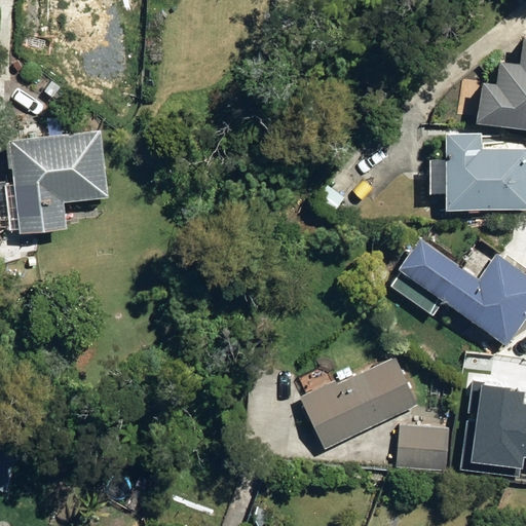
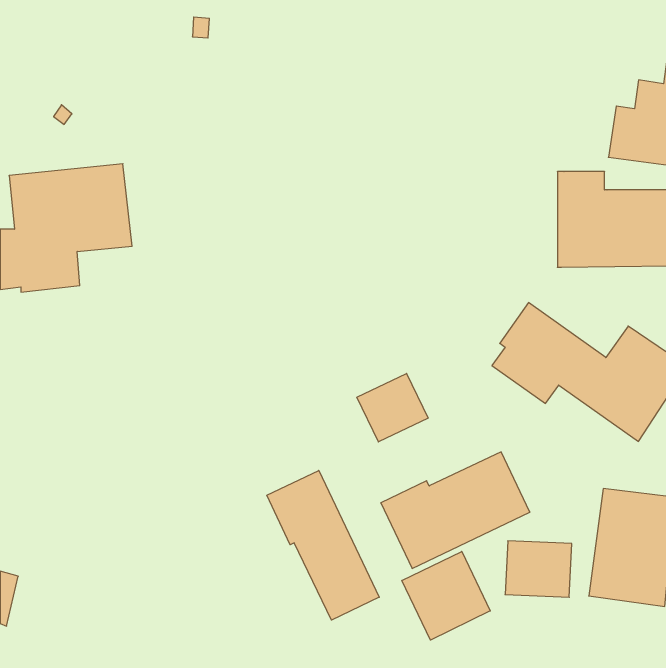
building: none -> [357,373,428,442]
building: none -> [267,470,379,620]
building: none -> [402,551,490,640]

